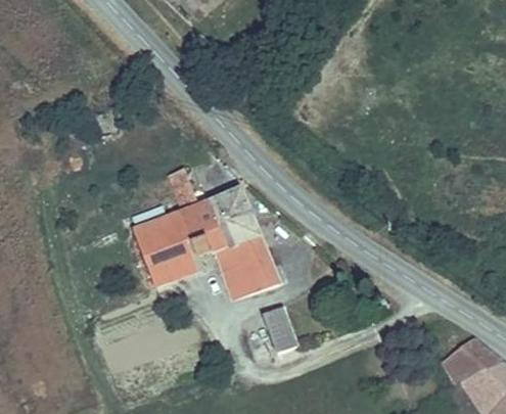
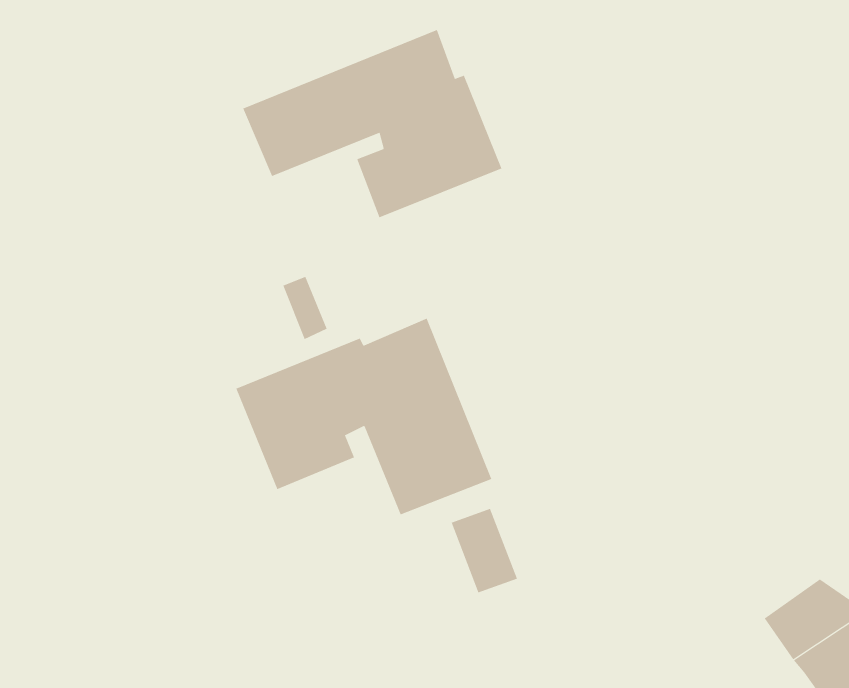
building: none -> [243,29,502,218]

